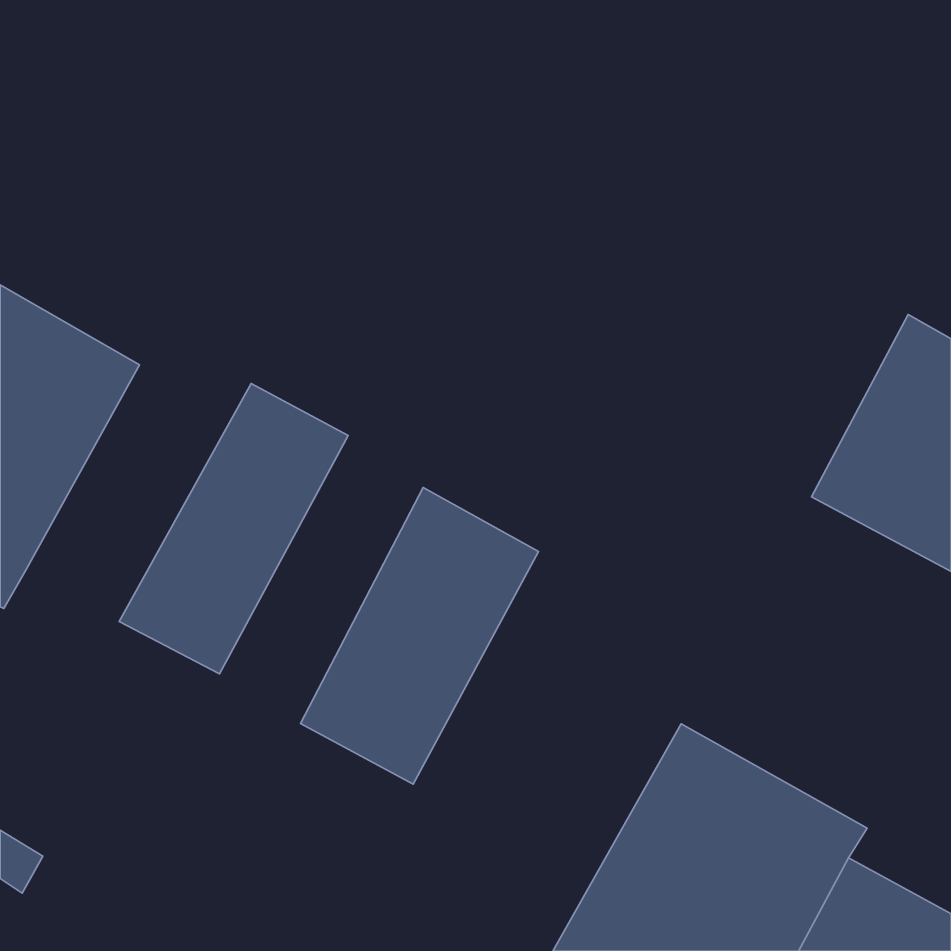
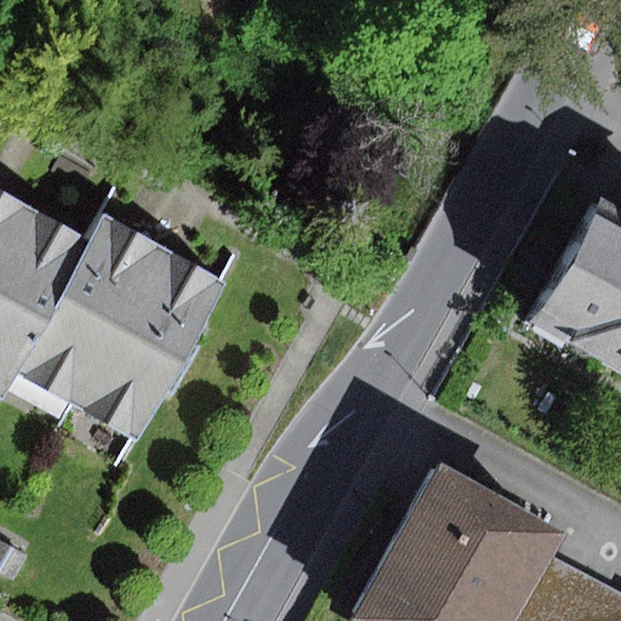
building: none -> [17,216,164,405]
building: [301,488,538,784] -> none

